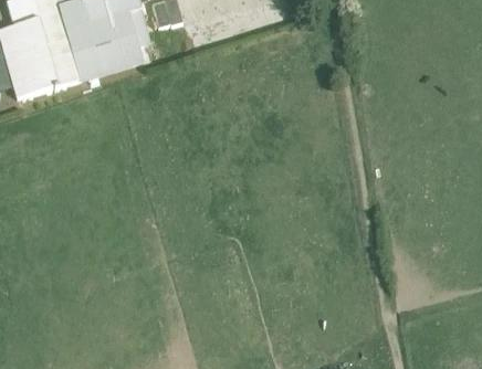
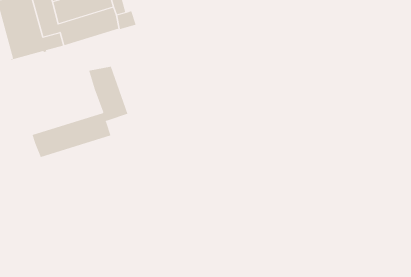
building: none -> [32,66,128,158]

